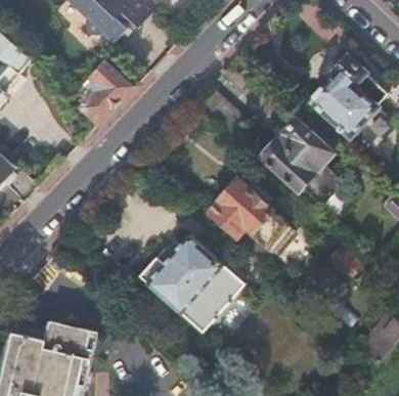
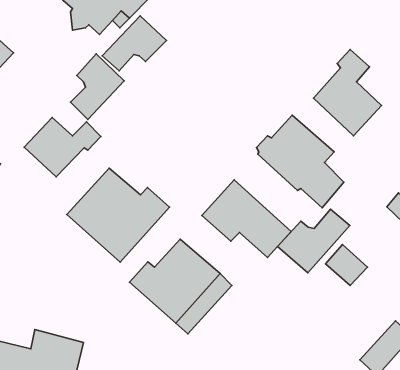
building: none -> [102,16,167,71]
building: none -> [24,117,101,177]
building: none -> [67,168,170,262]
building: none -> [277,209,350,273]

